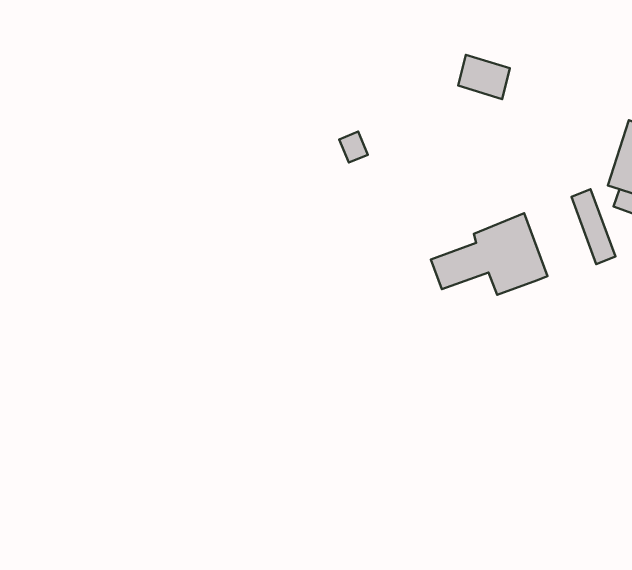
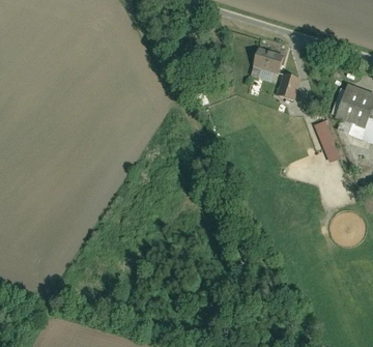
building: none -> [277,73,299,99]
building: [431,213,547,295] -> none

